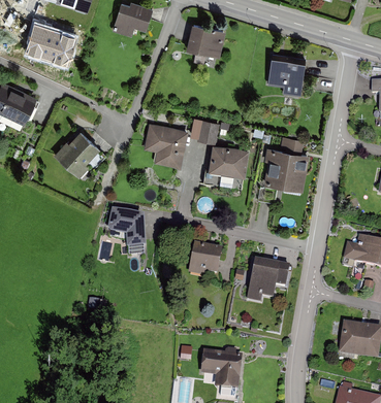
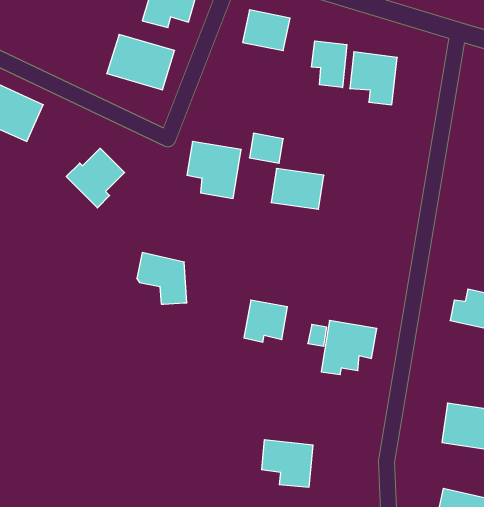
building: [24,24,75,66] -> [107,34,175,90]
building: none -> [312,41,347,88]
building: [264,137,308,189] -> none

